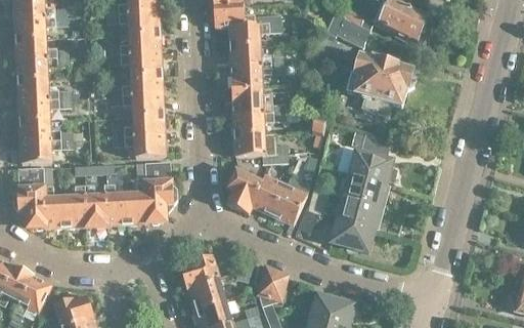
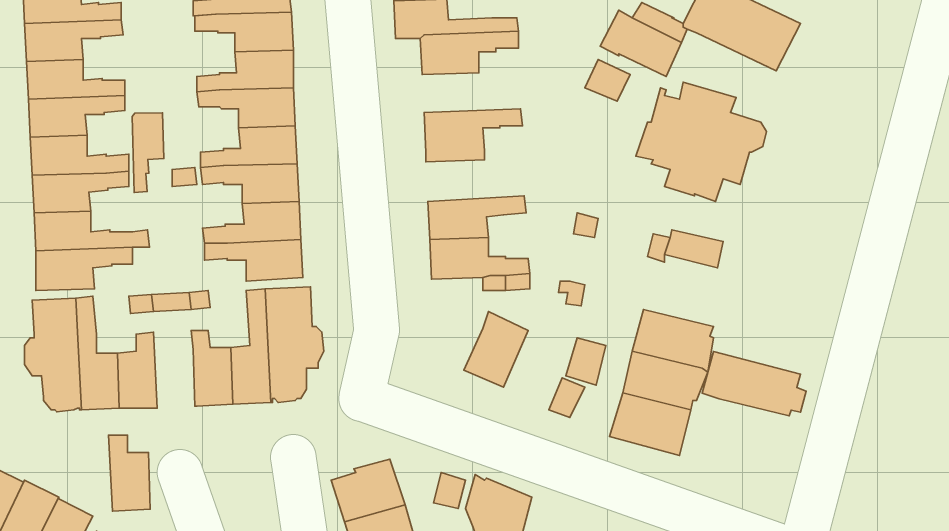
building: [229,45,282,67] -> none
building: none -> [132,113,164,192]
building: [231,92,285,115] -> none
building: [340,148,396,182] -> [702,351,806,416]
building: [229,169,265,213] -> none
building: [273,177,310,225] -> none
building: [84,186,106,227] -> [109,435,150,511]

